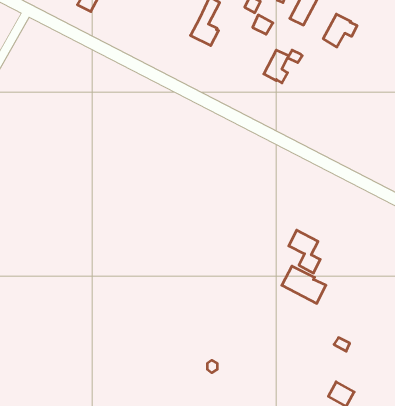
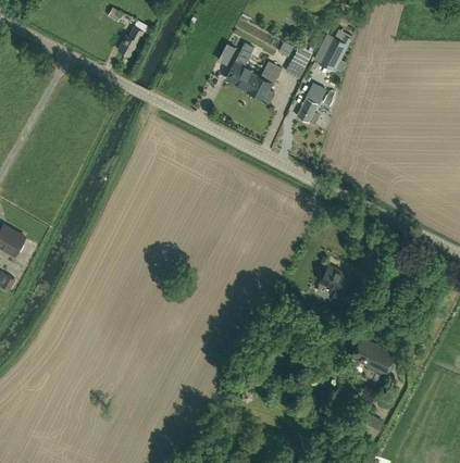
building: [323,14,357,47] -> none
building: none -> [245,61,281,101]
building: [282,266,326,303] -> [351,337,394,373]

